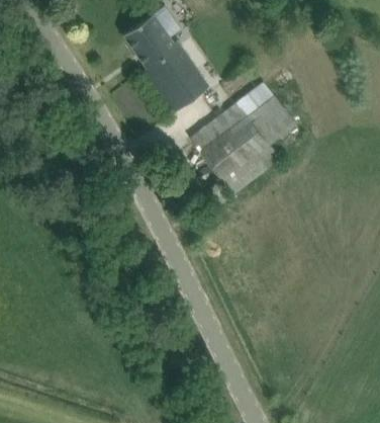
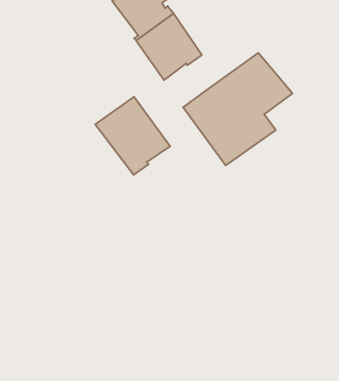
building: none -> [95,97,170,175]

